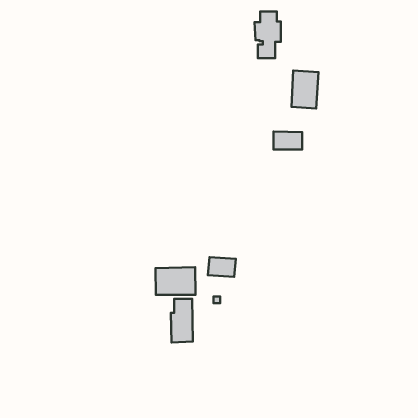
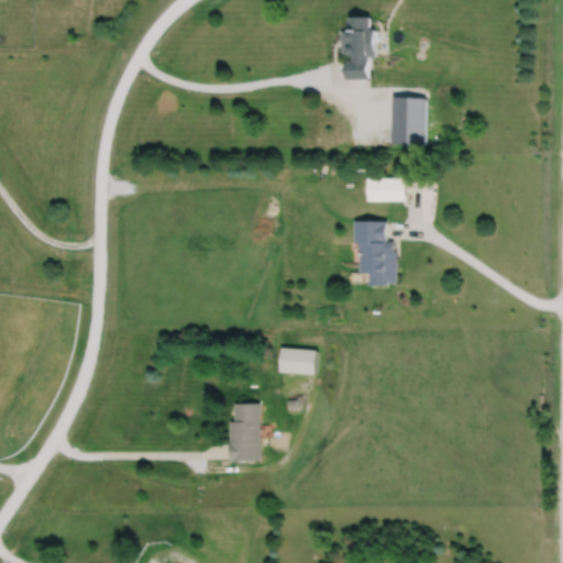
building: none -> [355,222,397,287]
building: [155,267,196,295] -> none

